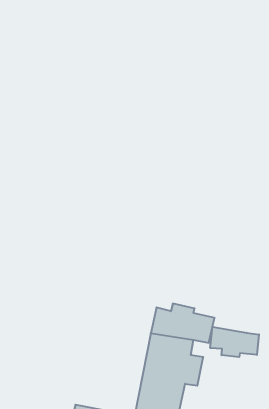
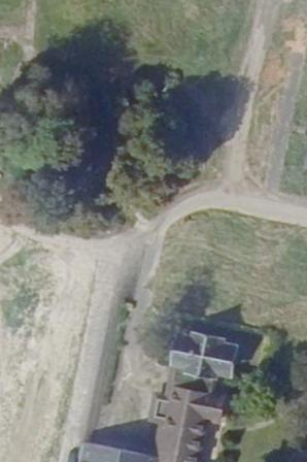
building: [210,327,259,357] -> none

